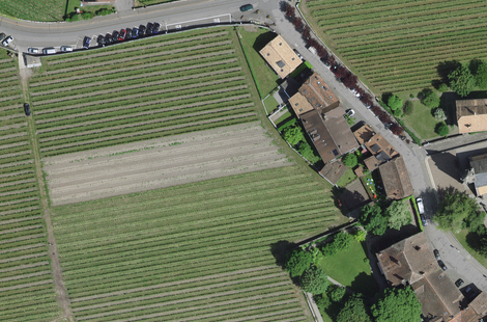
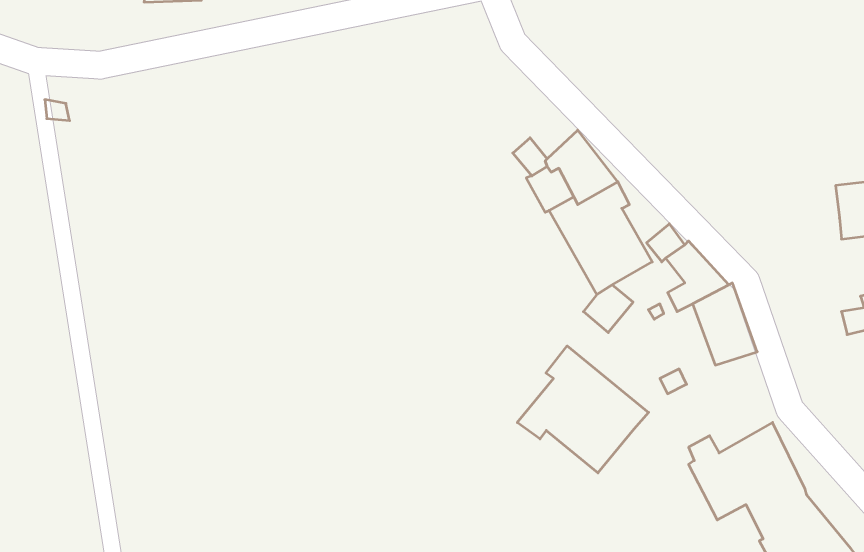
building: [260,36,300,77] -> none
building: none -> [517,346,649,473]

